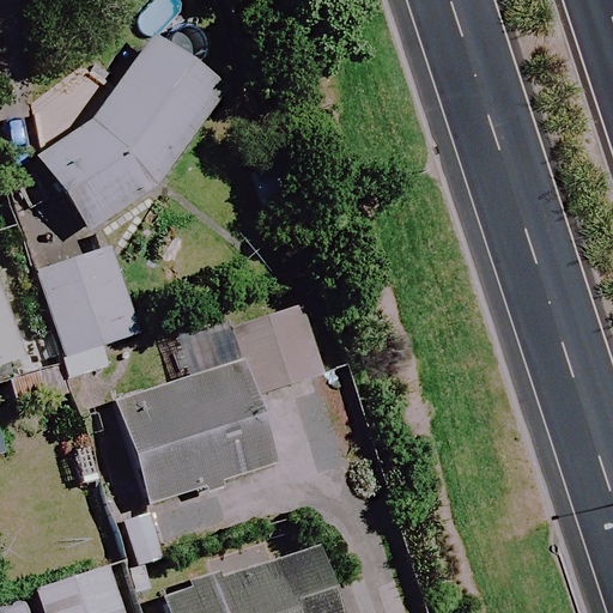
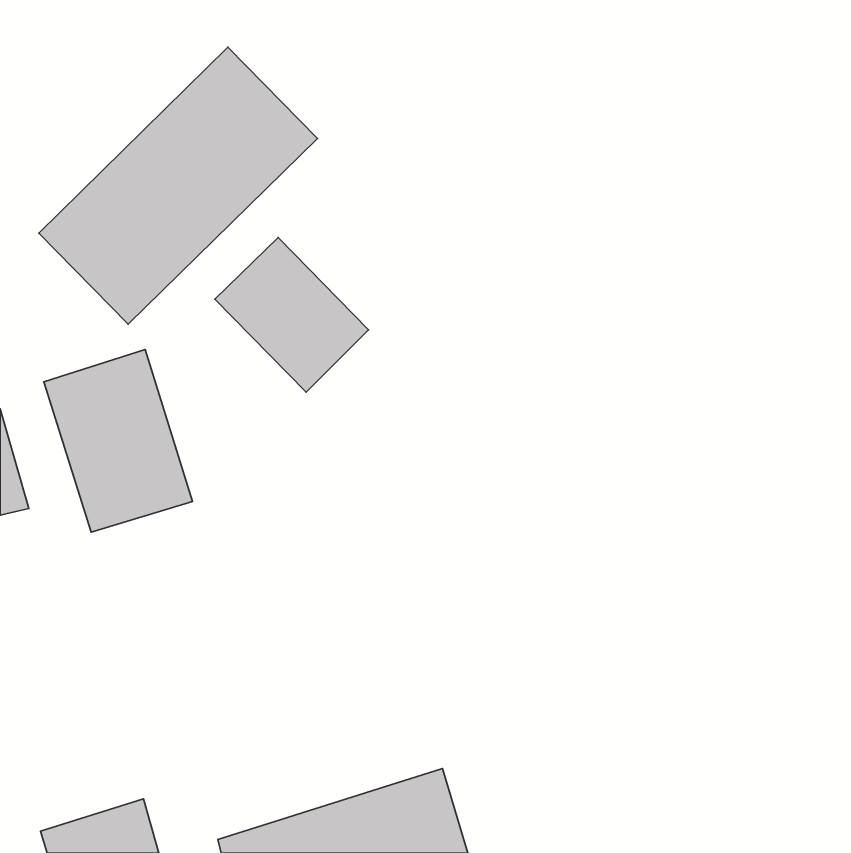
building: none -> [215,237,368,392]
building: [113,305,321,504] -> none

